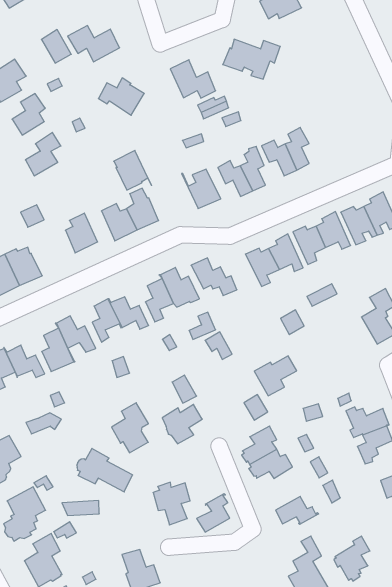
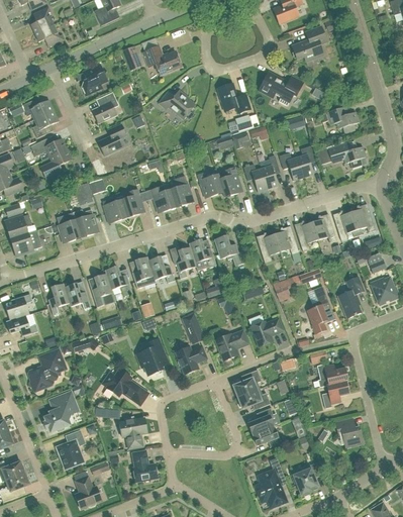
building: none -> [326,106,359,133]
building: none -> [327,143,366,168]
building: [114,150,152,190] -> [198,169,224,198]
building: none -> [102,198,126,223]
building: none -> [307,286,335,333]
building: none -> [214,329,248,360]
building: [153,482,190,525] -> [119,416,146,448]
building: [197,494,230,532] -> [247,407,273,434]

